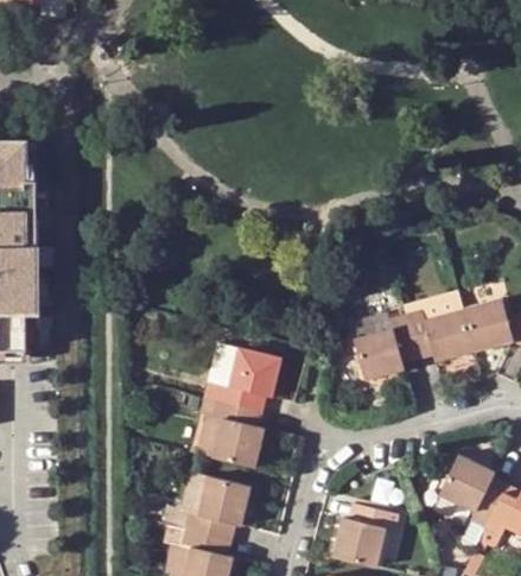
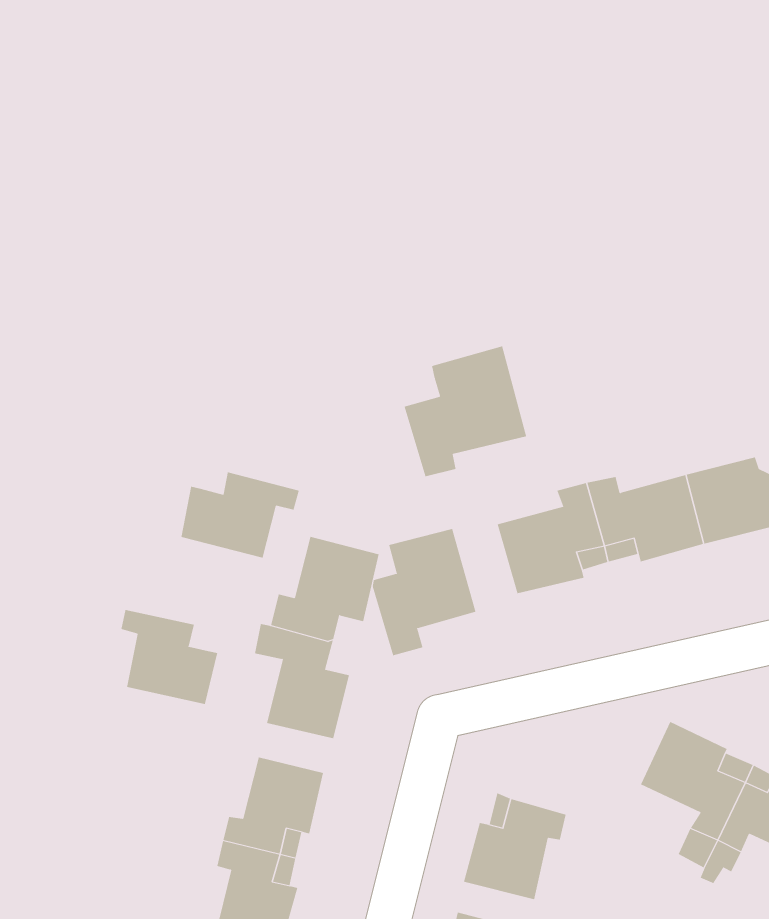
building: none -> [404,346,527,477]
building: none -> [181,471,299,558]
building: none -> [372,528,476,656]
building: none -> [121,609,218,705]

